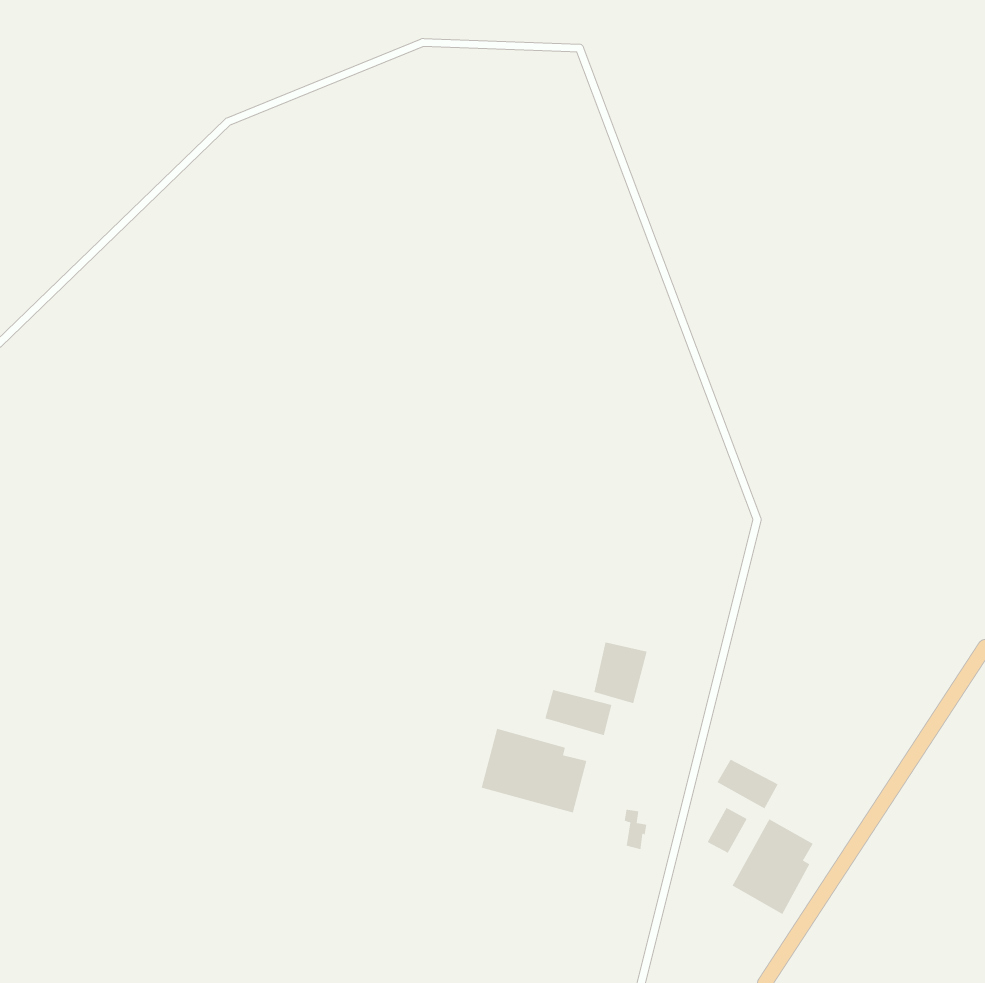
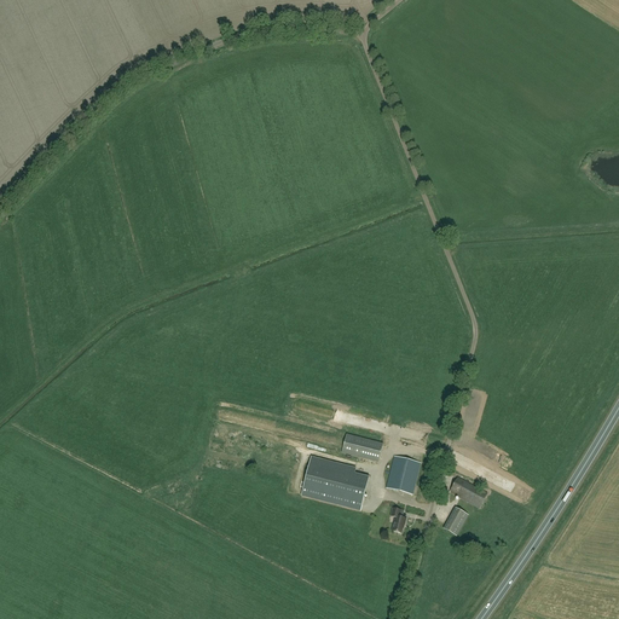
building: [593,642,647,704] -> [386,455,420,493]
building: [732,819,813,915] -> none

